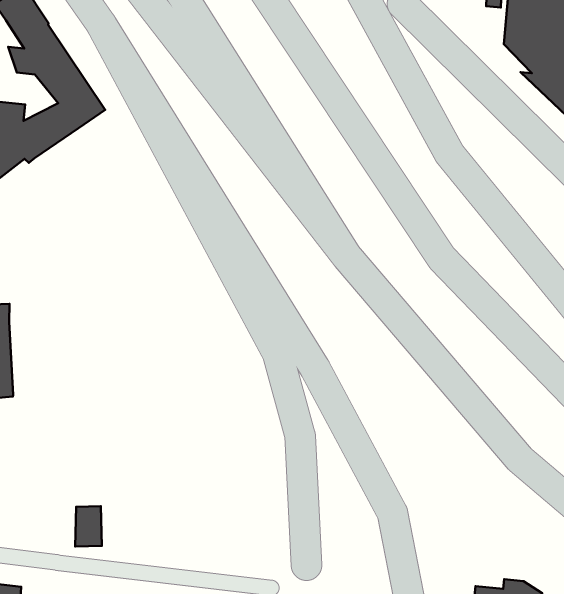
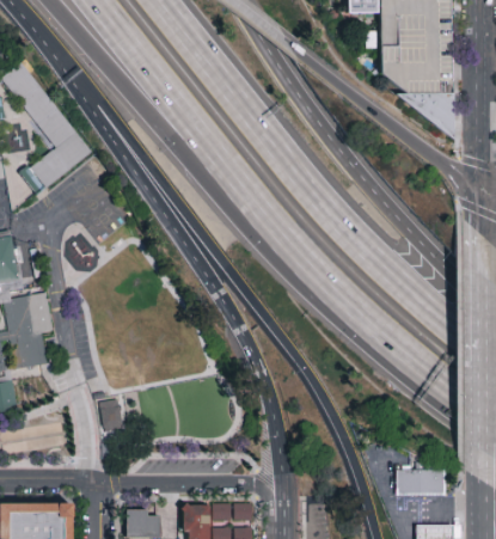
building: [75,506,102,546] -> [100,397,122,428]

